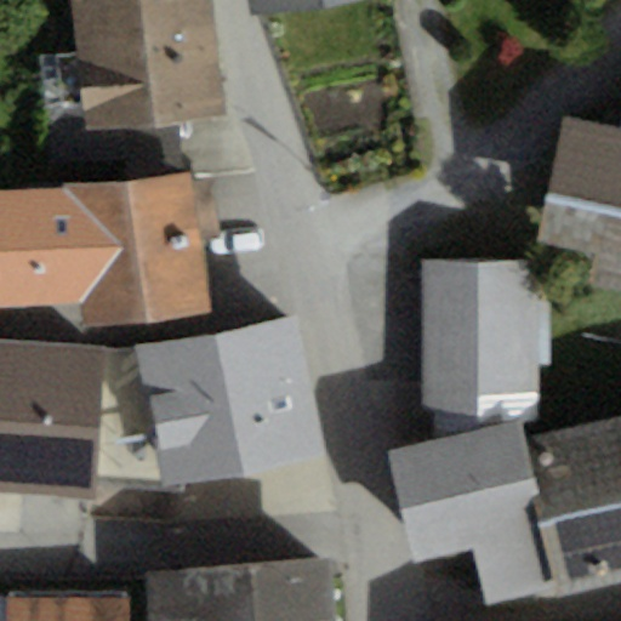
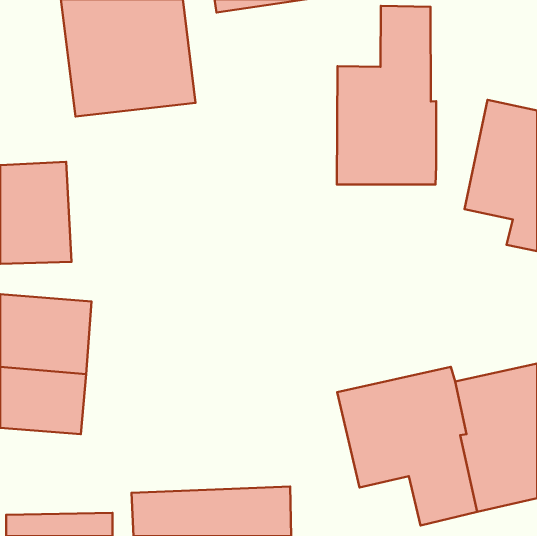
building: none -> [337,6,436,185]
building: [76,175,209,334] -> none
building: [423,263,551,403] -> none
building: [133,313,332,489] -> none

